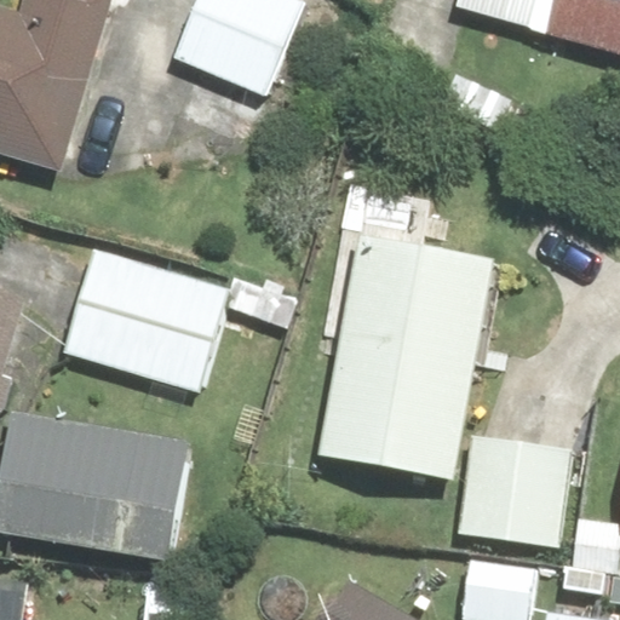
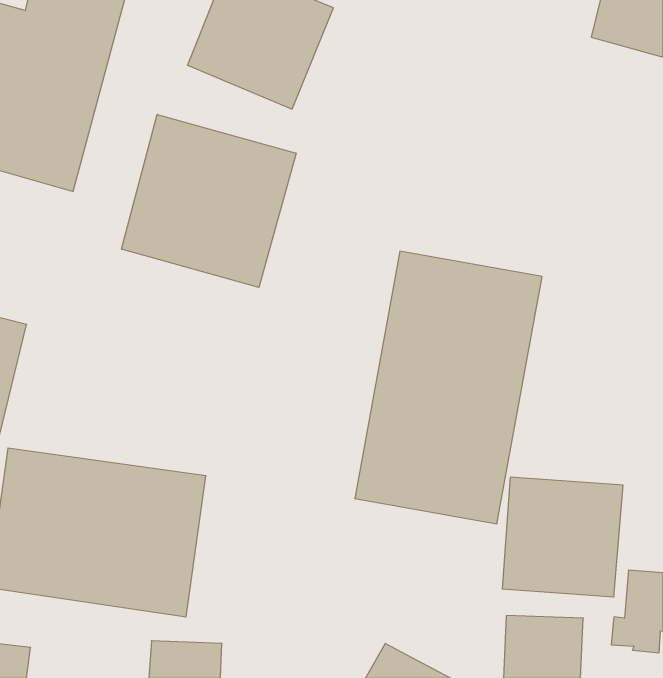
building: none -> [122,114,296,287]
building: [62,248,226,394] -> none

